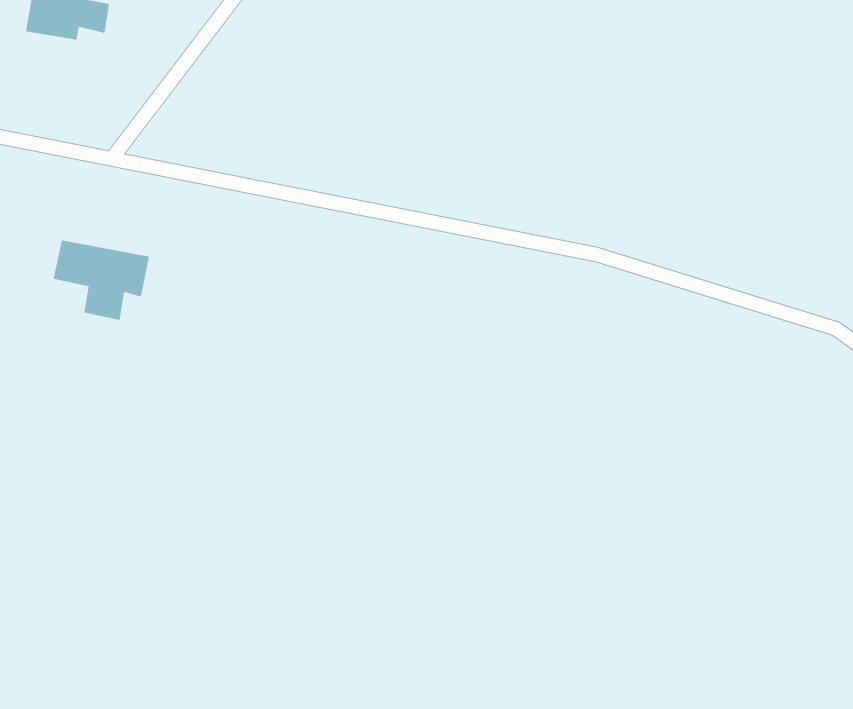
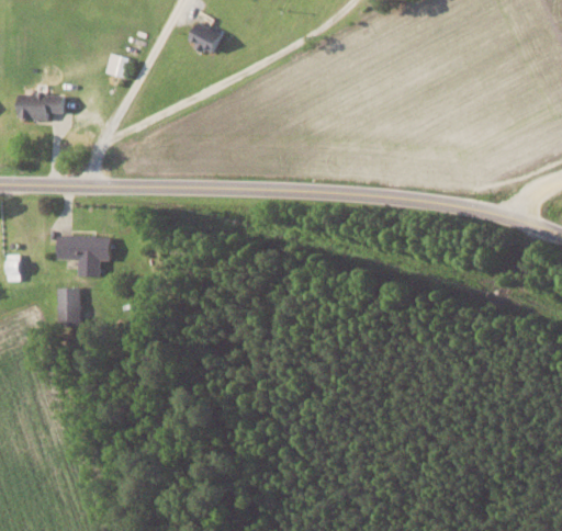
building: none -> [57,286,81,327]

